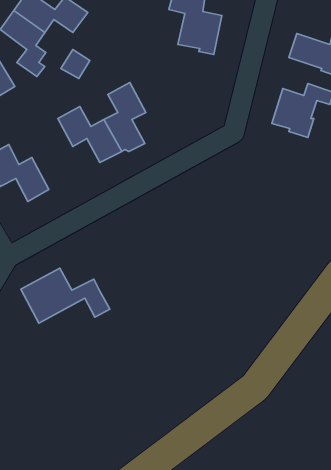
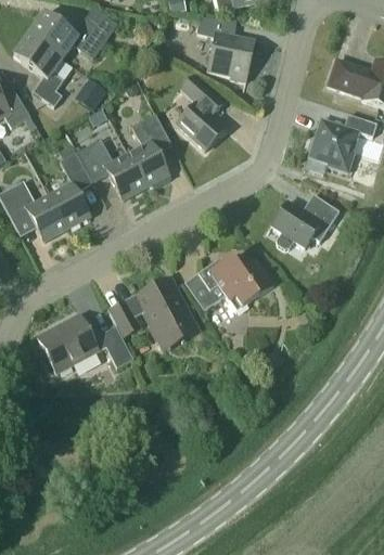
building: none -> [176,75,226,150]
building: none -> [49,151,92,228]
building: none -> [271,193,340,248]
building: none -> [184,256,273,310]
building: none -> [112,278,194,343]

